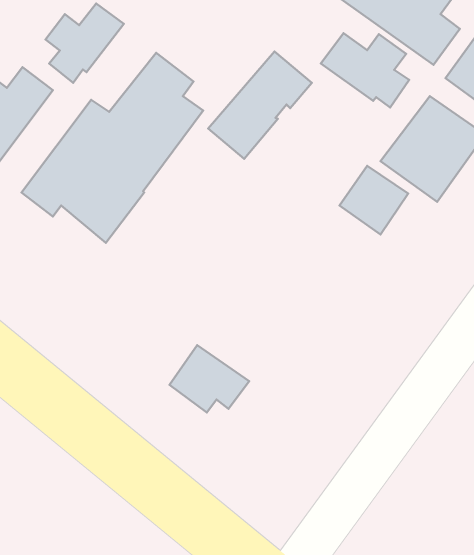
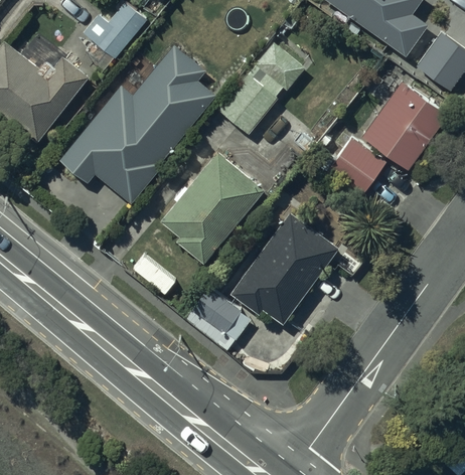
building: [321,33,409,108] -> none
building: none -> [162,153,263,263]
building: none -> [231,213,337,324]

